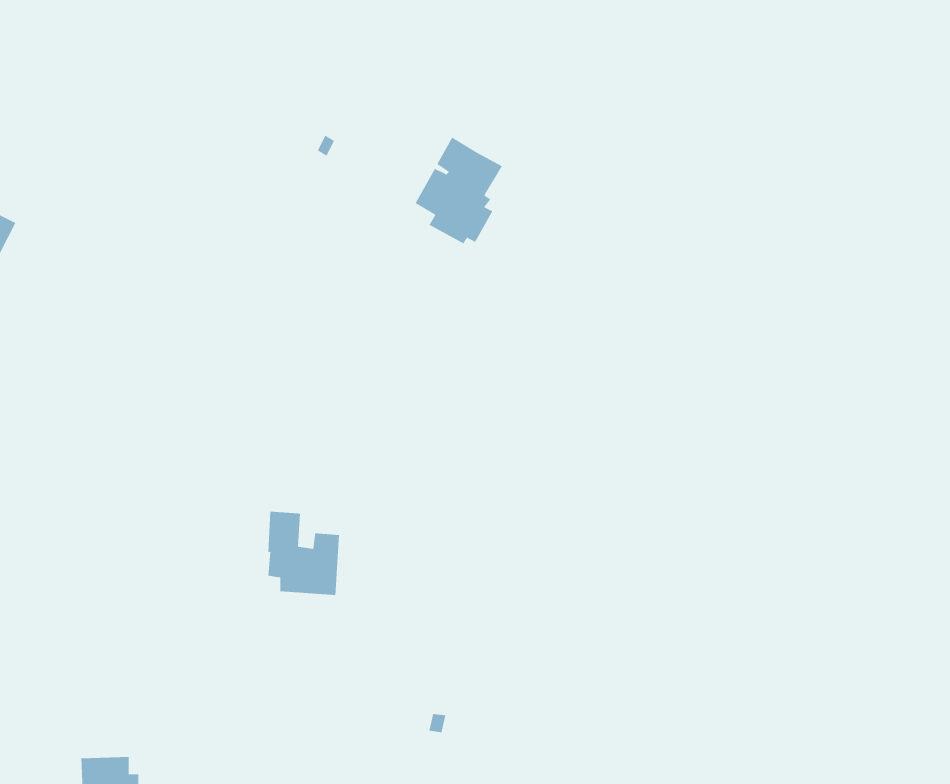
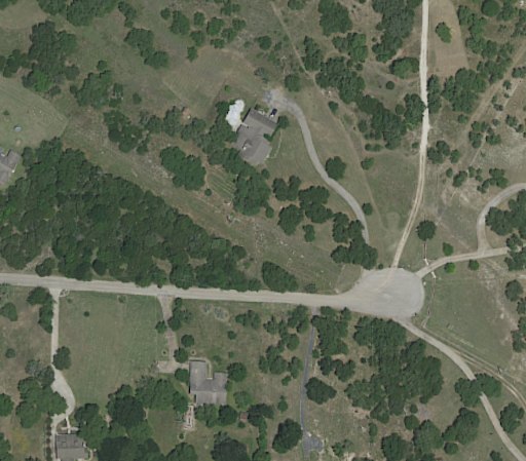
building: [268,511,340,595] -> [190,360,228,405]

